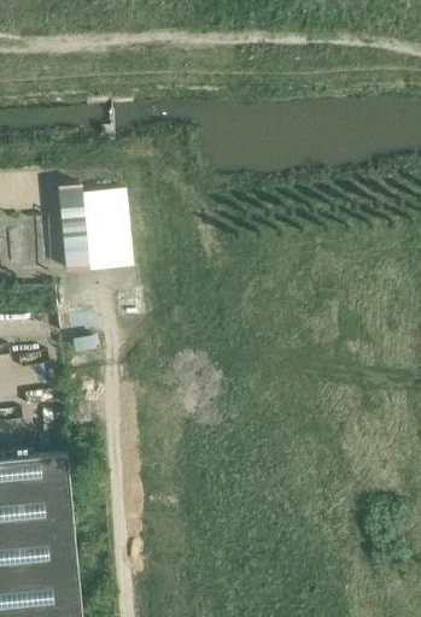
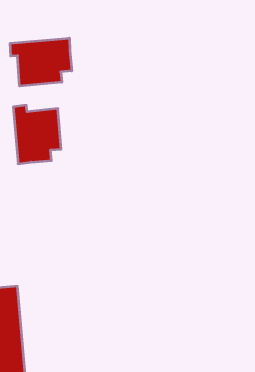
building: none -> [10,38,72,86]

